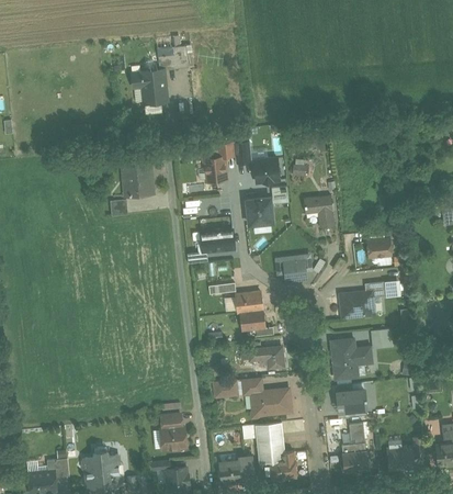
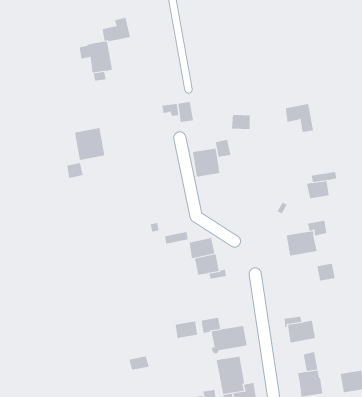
building: [204,157,226,182] -> none
building: [253,159,279,182] -> none
building: [304,195,333,226] -> [285,103,314,132]
building: [186,228,235,263] -> none
building: [273,252,312,282] -> none
building: [331,339,371,379] -> none
building: [249,346,283,367] -> none
building: [159,426,186,449] -> none

